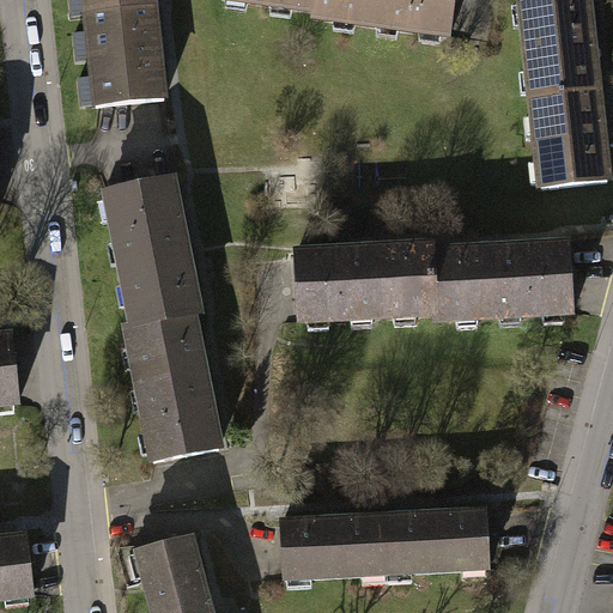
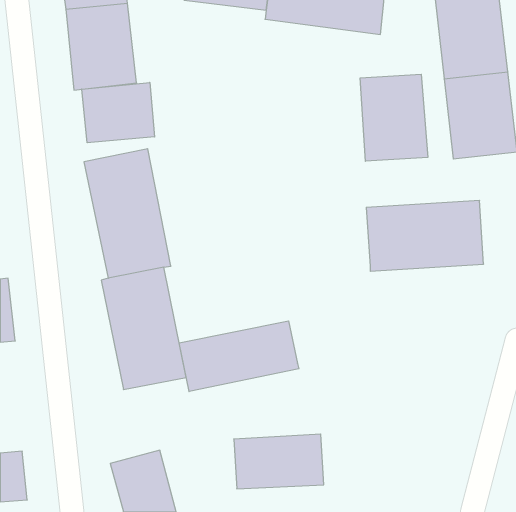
building: none -> [360,74,428,161]
building: none -> [82,82,155,143]
building: [289,238,439,323] -> none
building: none -> [179,321,299,392]
building: [381,509,486,573] -> none

